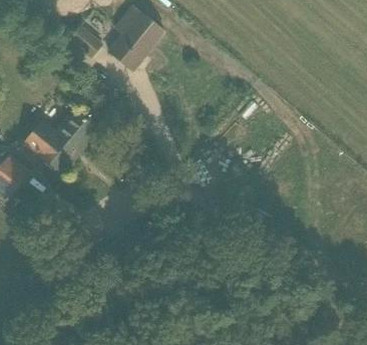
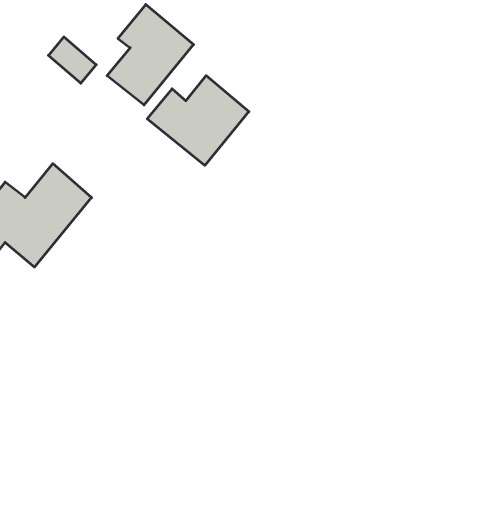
building: none -> [147,76,249,165]

